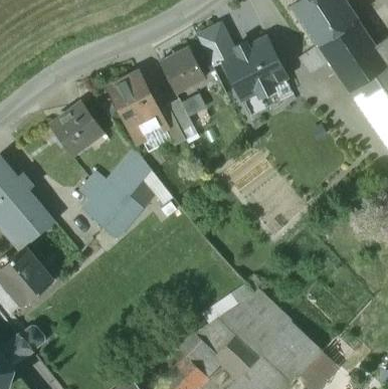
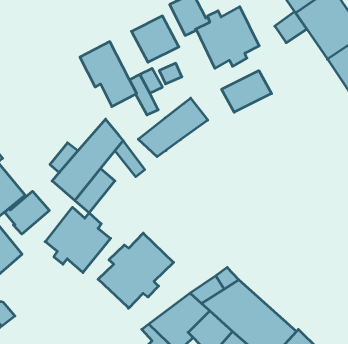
building: none -> [222,71,272,112]
building: [50,103,104,155] -> none
building: none -> [138,98,208,157]
building: none -> [5,191,49,234]
building: none -> [45,207,111,273]
building: none -> [98,233,174,308]

